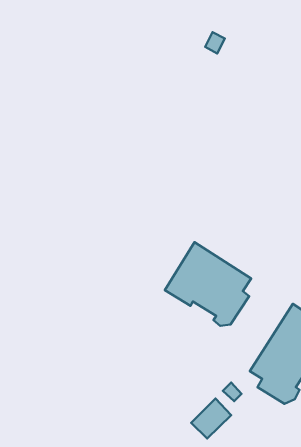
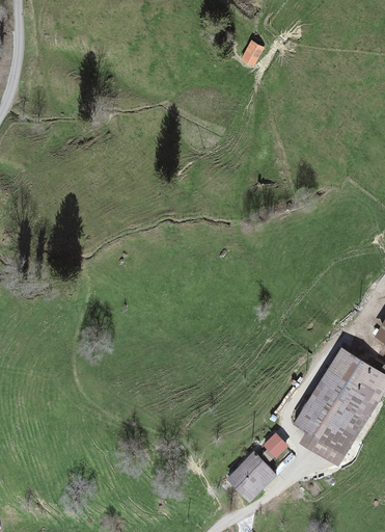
building: [165,242,251,326] -> none

